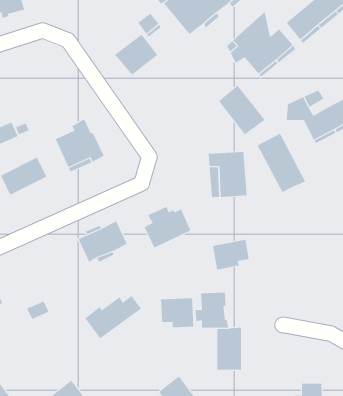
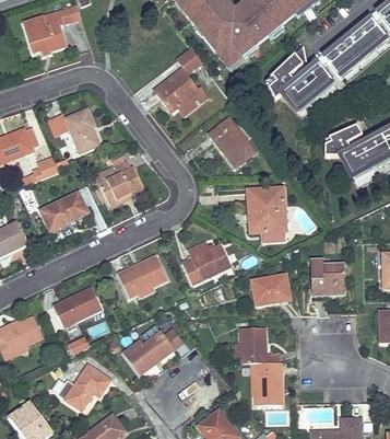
building: none -> [55,108,99,151]
building: [218,85,265,135] -> [209,116,256,166]
building: [257,133,306,193] -> none
building: none -> [310,259,345,292]
building: none -> [52,287,102,326]
building: [160,297,194,328] -> none
building: none -> [51,365,110,409]

